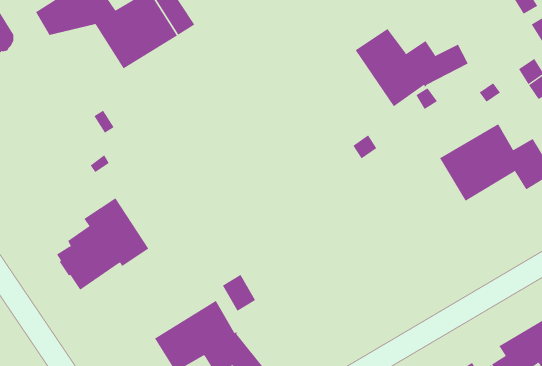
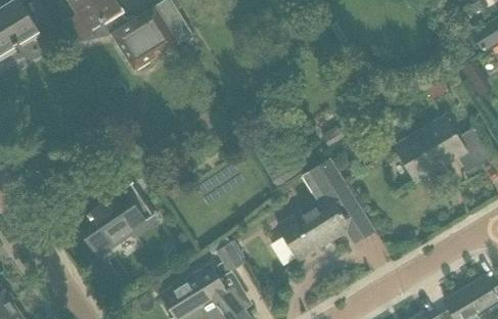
building: [355,28,469,107] -> none
building: none -> [278,161,372,261]

